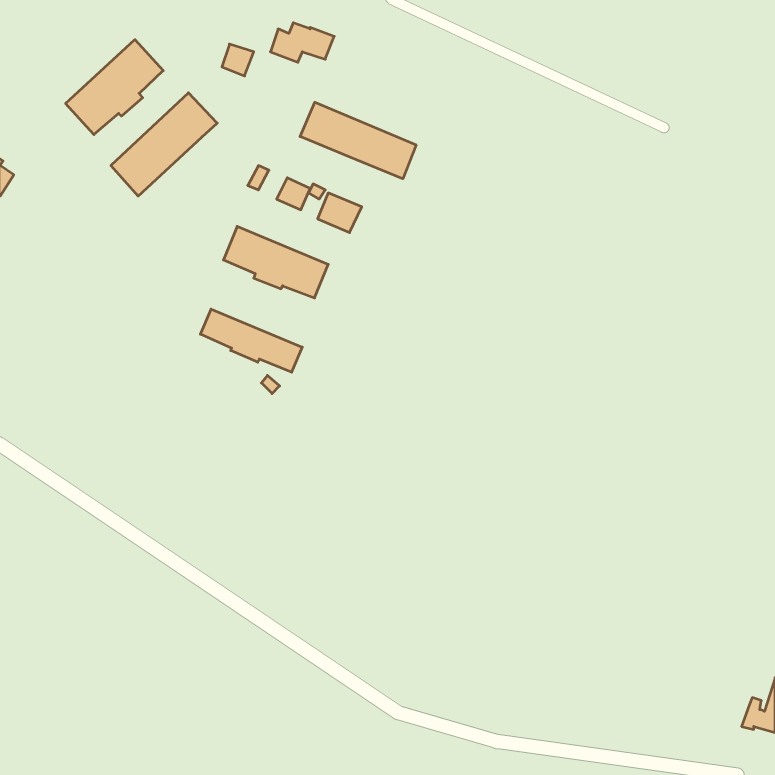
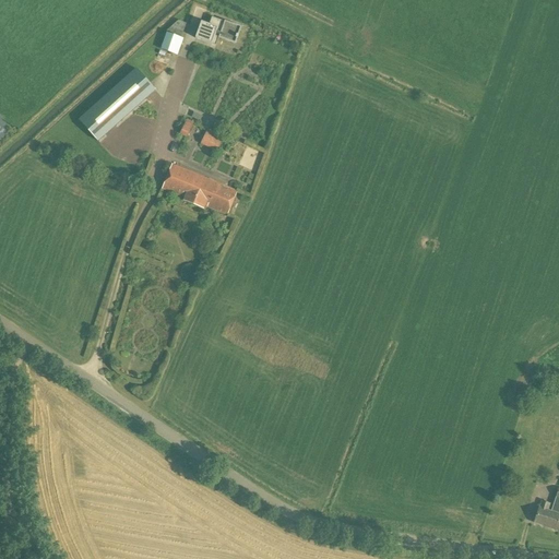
building: [66,40,163,135] -> none
building: [300,102,416,179] -> none
building: [200,309,302,372] -> none

